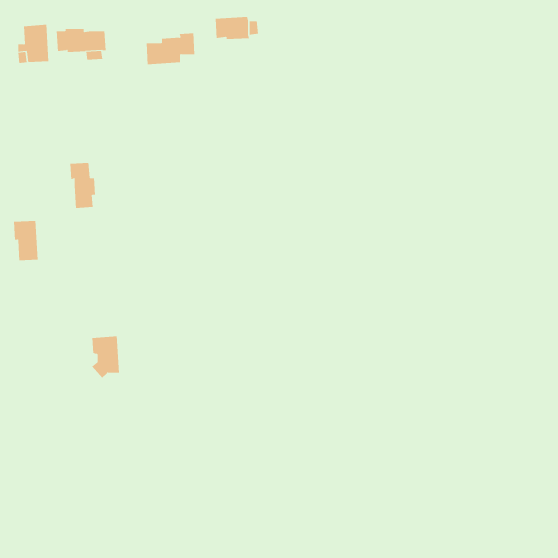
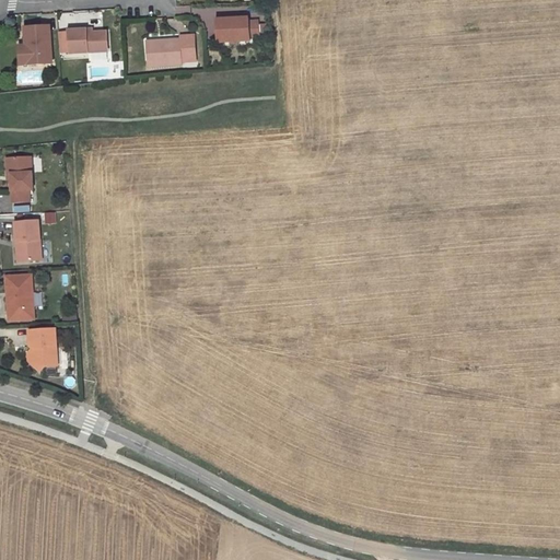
building: [70,162,96,208] -> [4,155,31,201]
building: none -> [5,273,33,319]
building: [91,336,120,379] -> [27,327,56,370]

